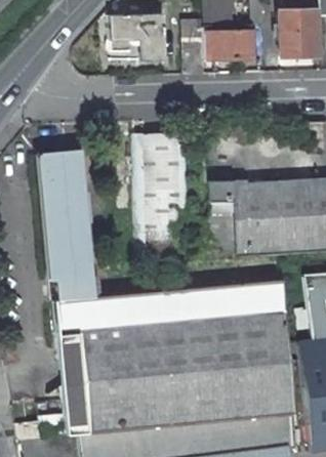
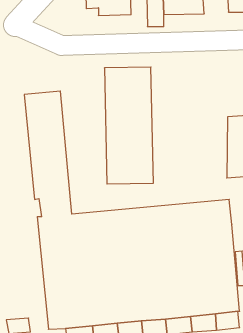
building: [193,180,280,259] -> none

